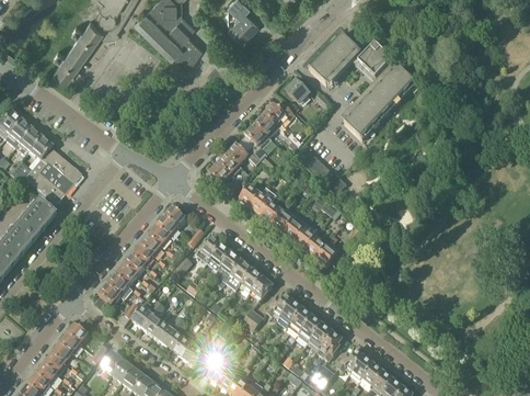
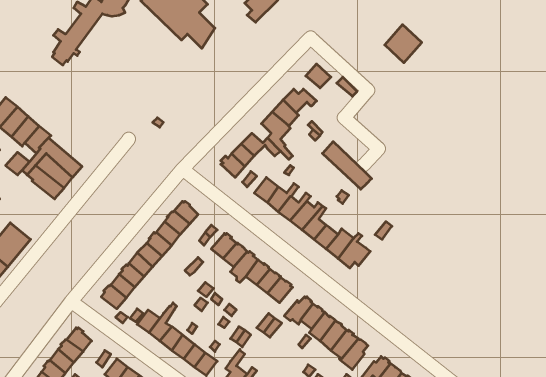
building: [309,34,359,86] -> none
building: [345,67,416,142] -> none
building: [15,202,55,242] -> none

